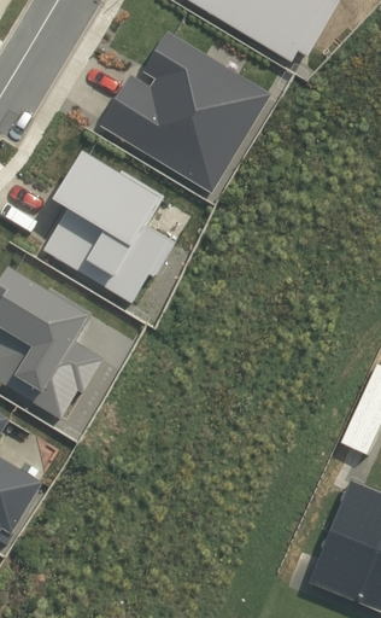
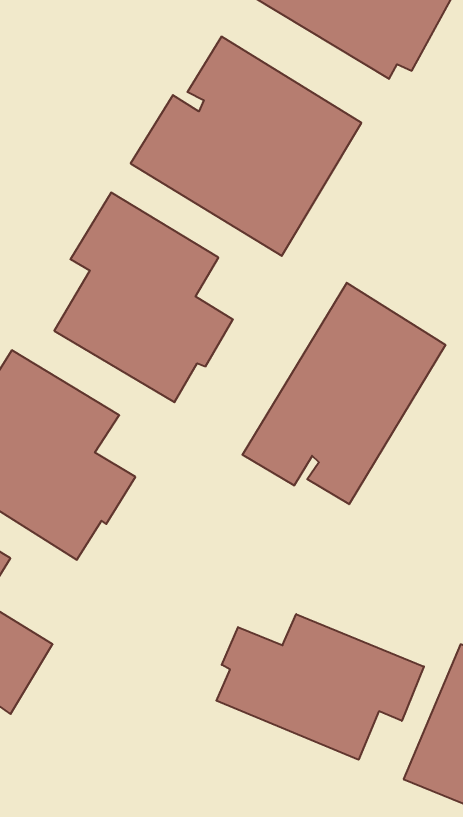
building: none -> [242,283,445,504]
building: none -> [216,614,424,760]

